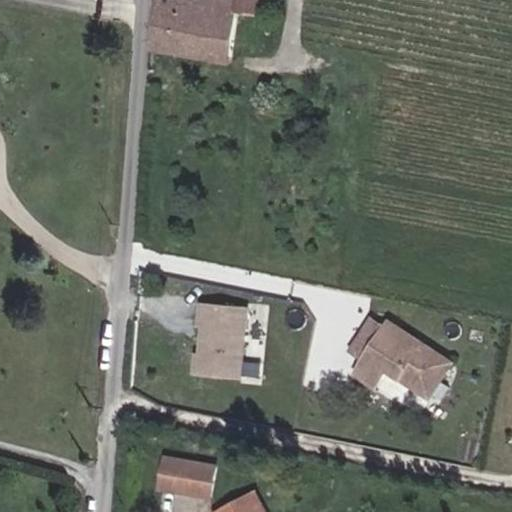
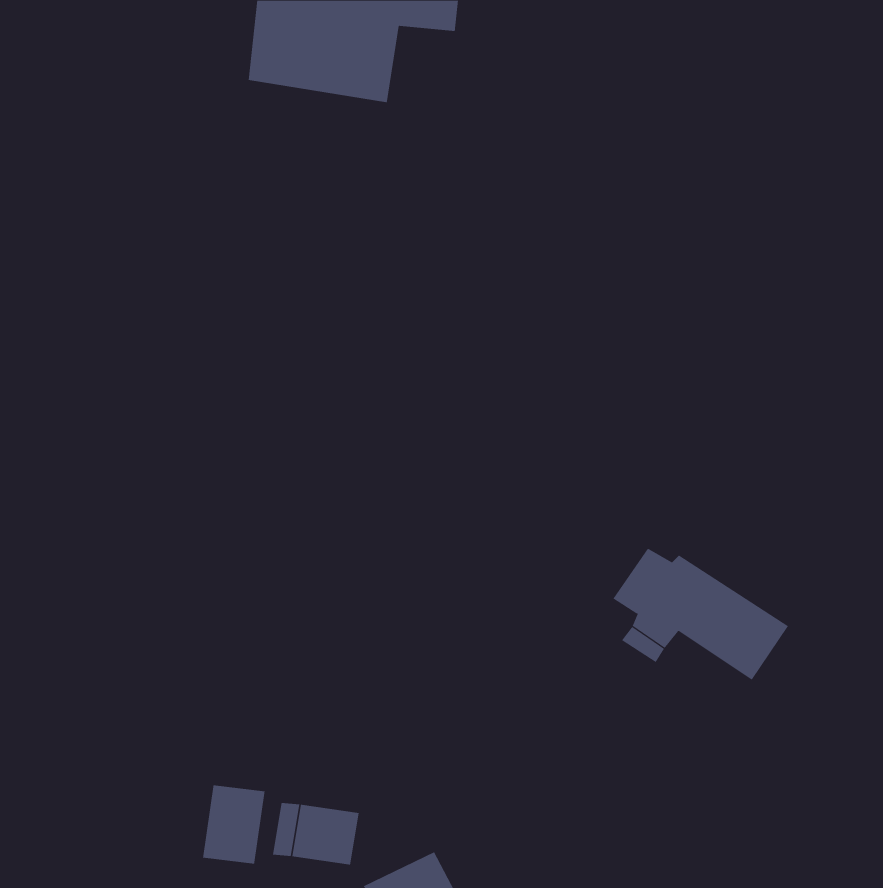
building: [194,302,250,380] -> none
building: none -> [202,784,265,865]

